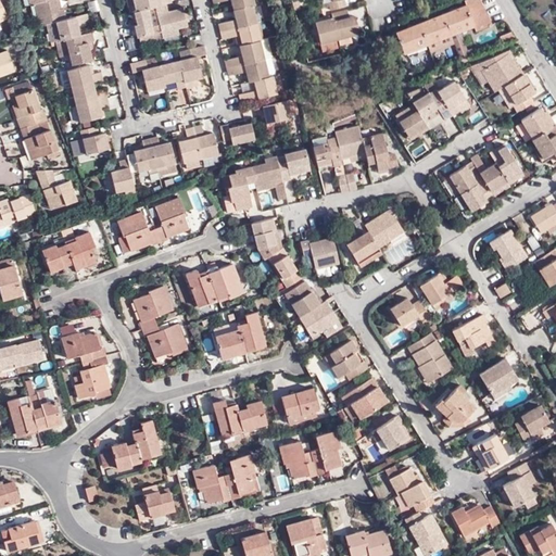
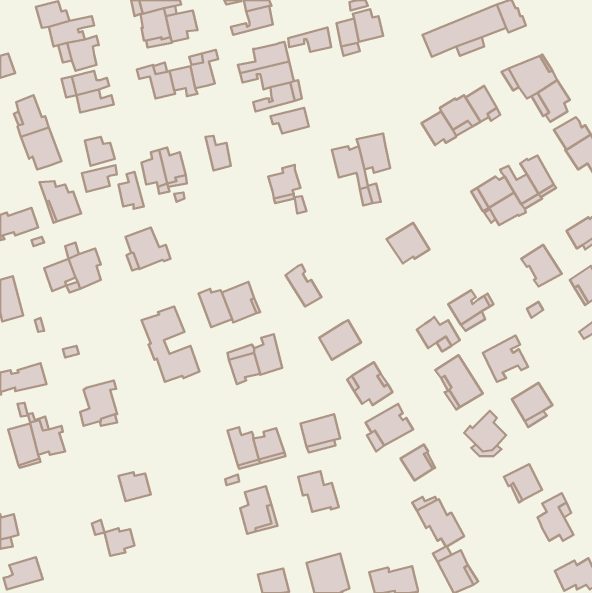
building: [219,23,260,46] -> [288,28,331,52]
building: [76,98,109,123] -> [82,165,117,192]
building: [219,125,255,146] -> none
building: [178,128,201,164] -> none
building: [362,131,397,172] -> none
building: [277,148,311,181] -> none
building: [223,165,256,210] -> none
building: [156,198,189,242] -> none
building: [253,218,280,258] -> none
building: [345,230,381,266] -> none
building: [301,239,340,270] -> none
building: [286,281,323,316] -> none
building: [62,332,108,363] -> none
building: [515,406,549,441] -> none
building: [134,420,162,459] -> none
building: [312,431,343,475] -> none
building: [194,465,232,502] -> none
building: [146,491,174,517] -> [104,528,135,556]
building: [452,504,501,534] -> none

